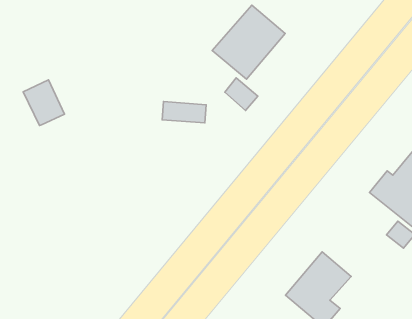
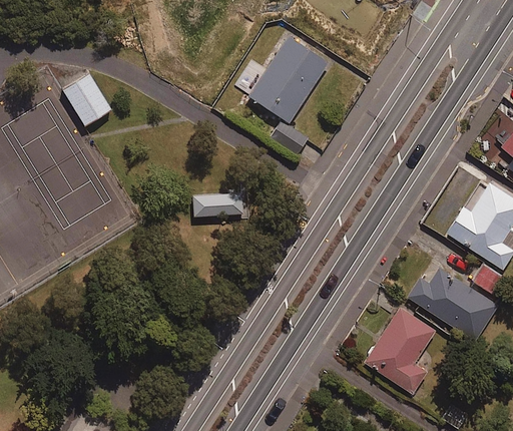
building: [23,80,65,125] -> [63,72,113,125]
building: [162,101,206,123] -> [194,192,244,216]
building: none -> [406,267,499,342]

